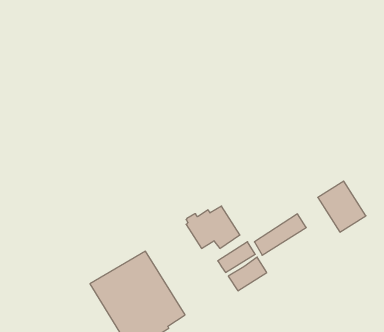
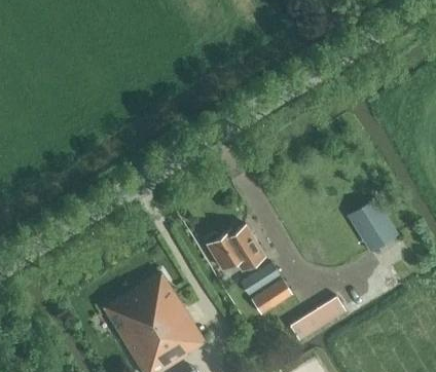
building: [254,214,306,255] -> [290,296,346,340]

